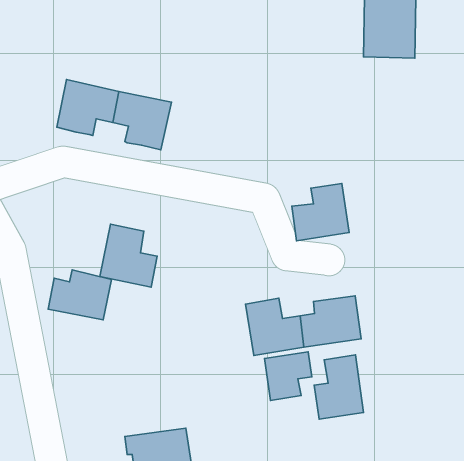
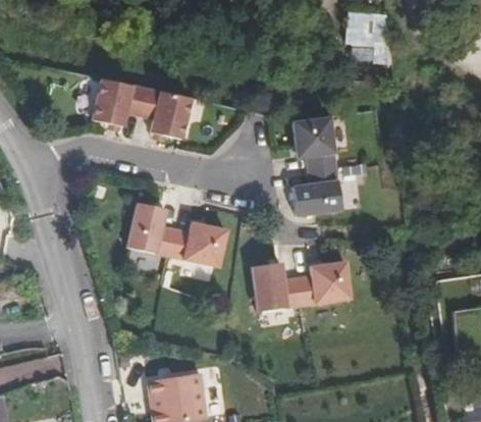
building: none -> [289,116,333,170]
building: [48,270,111,320] -> [170,221,224,264]
building: [265,352,312,400] -> none
building: [314,355,363,419] -> none

